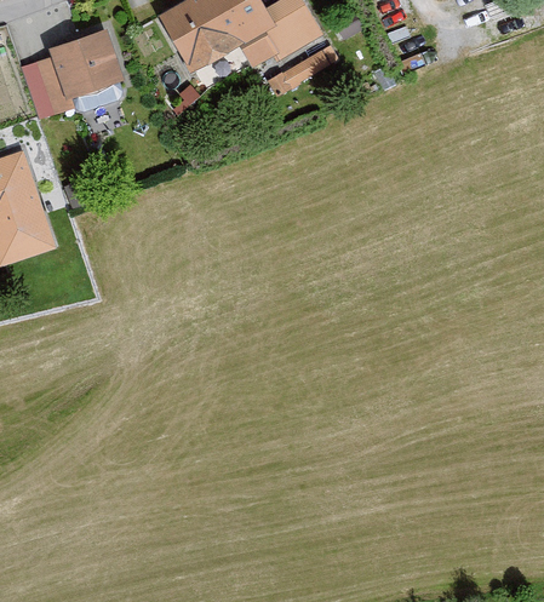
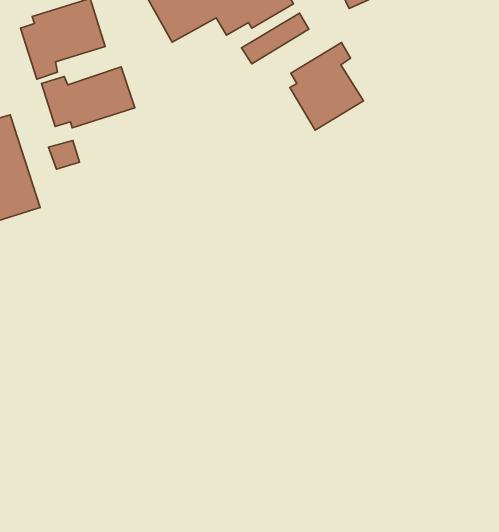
building: none -> [290,43,363,130]
building: none -> [41,67,135,128]

